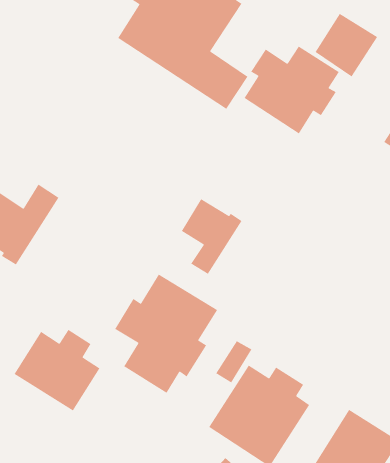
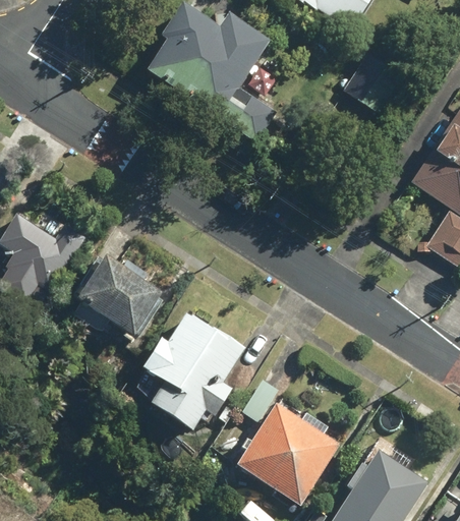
building: [243,46,340,134] -> none
building: [181,198,243,275] -> none
building: [14,329,101,412] -> [72,255,160,339]

